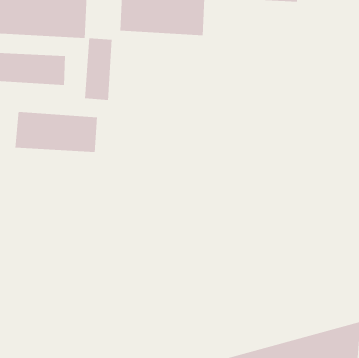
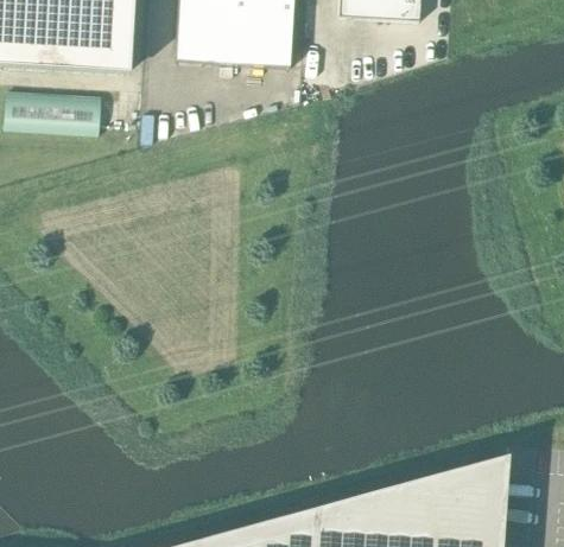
building: [84,38,112,101] -> none
building: [15,111,97,153] -> none

